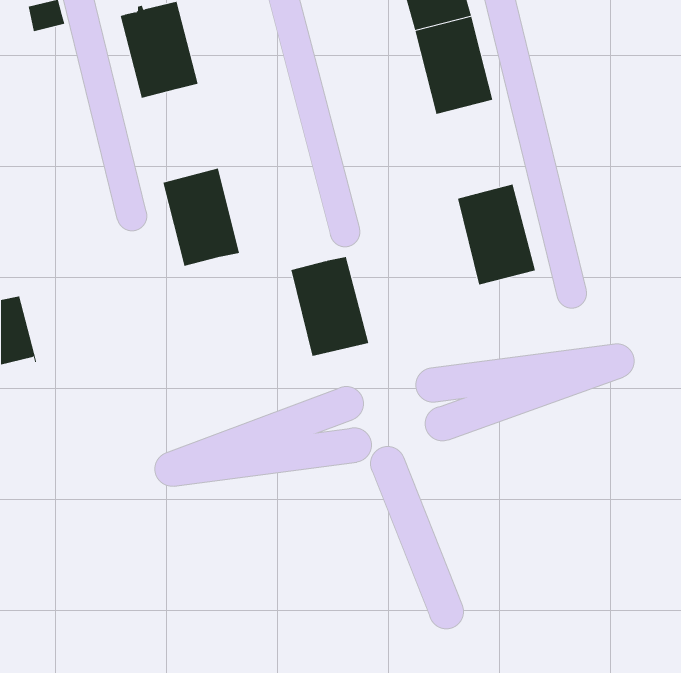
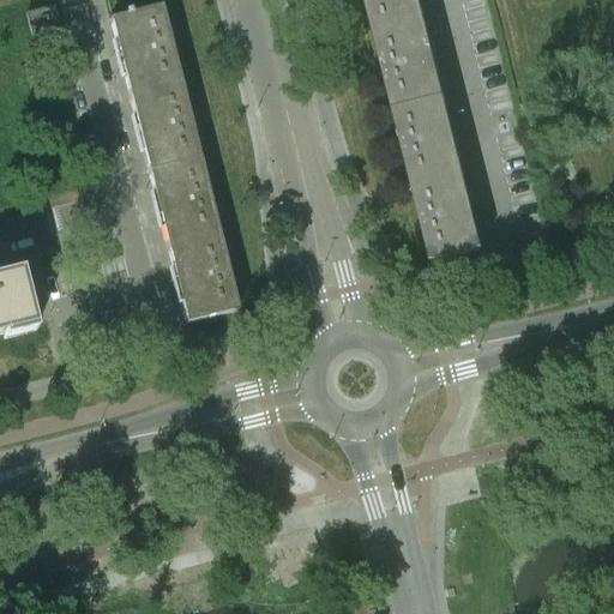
building: none -> [127,76,197,164]
building: none -> [392,90,462,179]
building: [290,257,369,357] -> [165,228,236,318]

